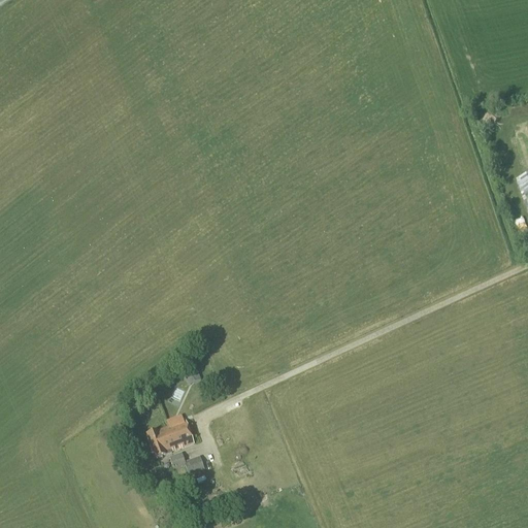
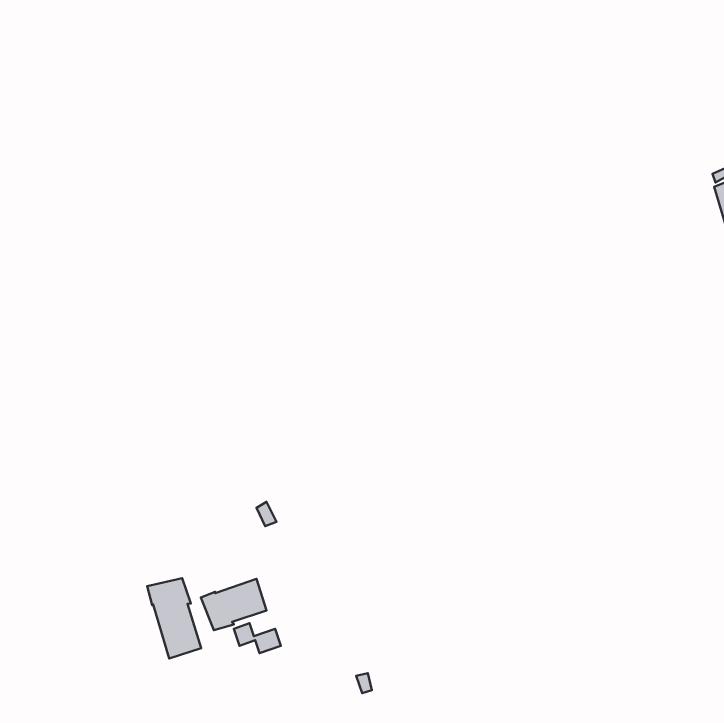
building: none -> [147,578,201,658]

